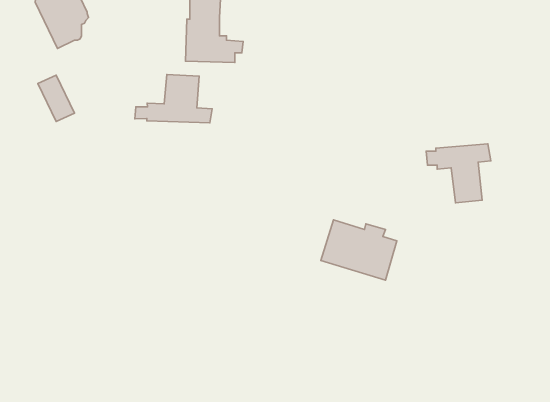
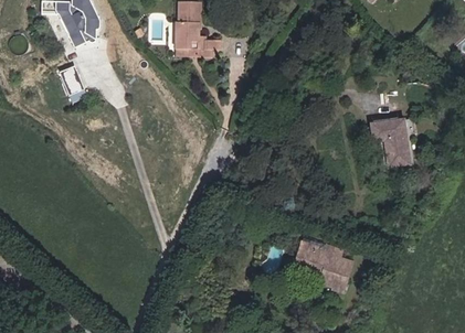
building: [135,75,212,123] -> none
building: [321,220,397,280] -> [290,240,350,288]

